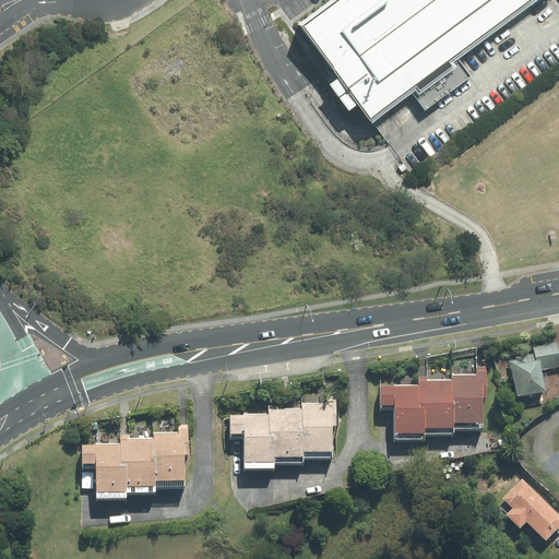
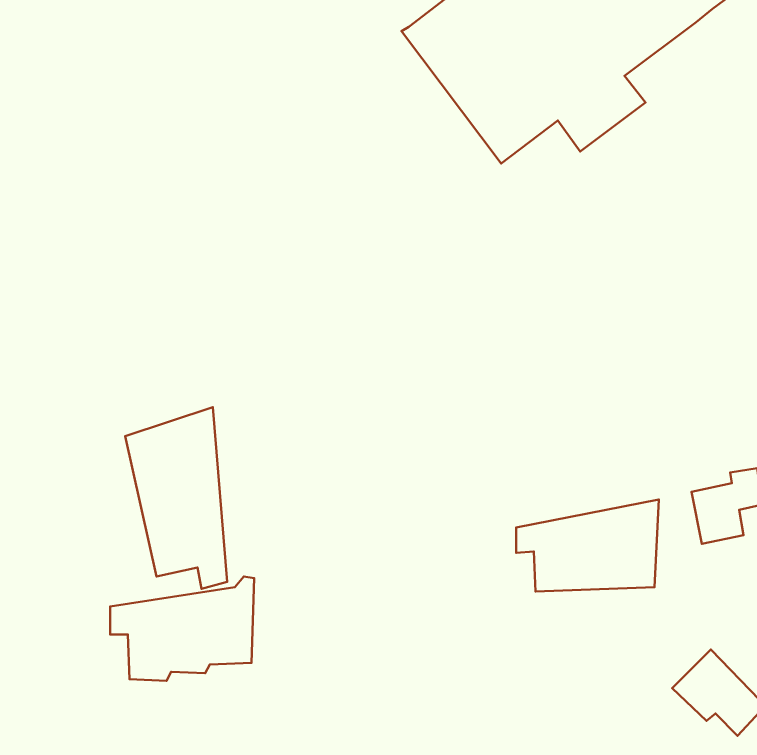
building: none -> [125,407,227,589]
building: [228,407,336,466] -> none

